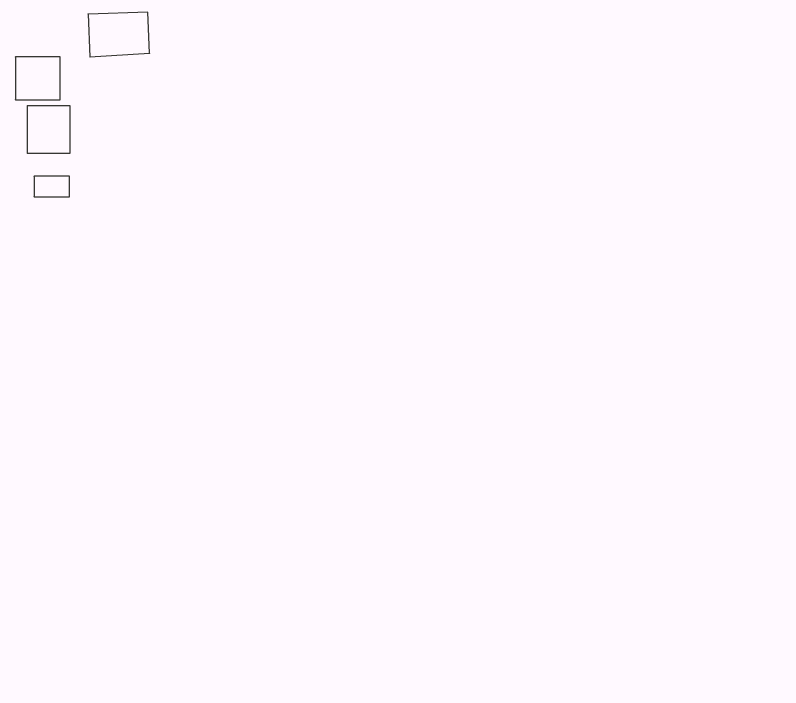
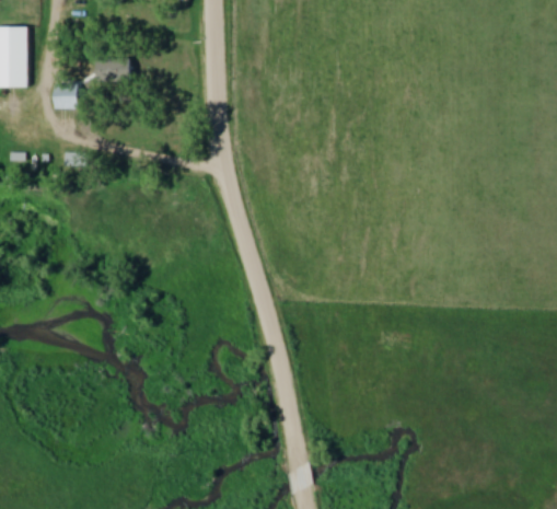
building: [27,106,70,153] -> none

